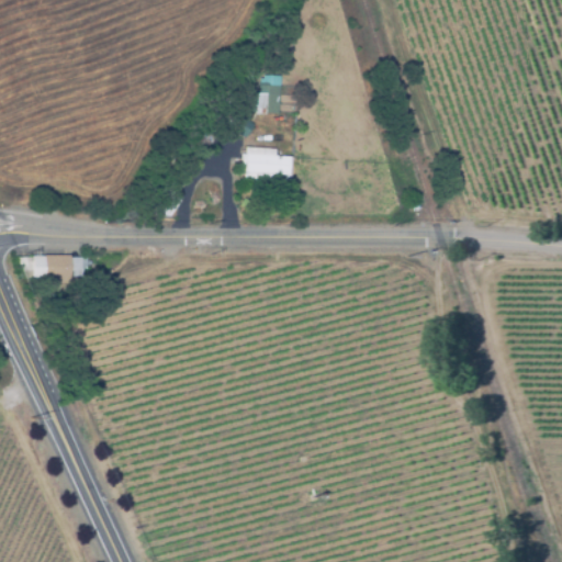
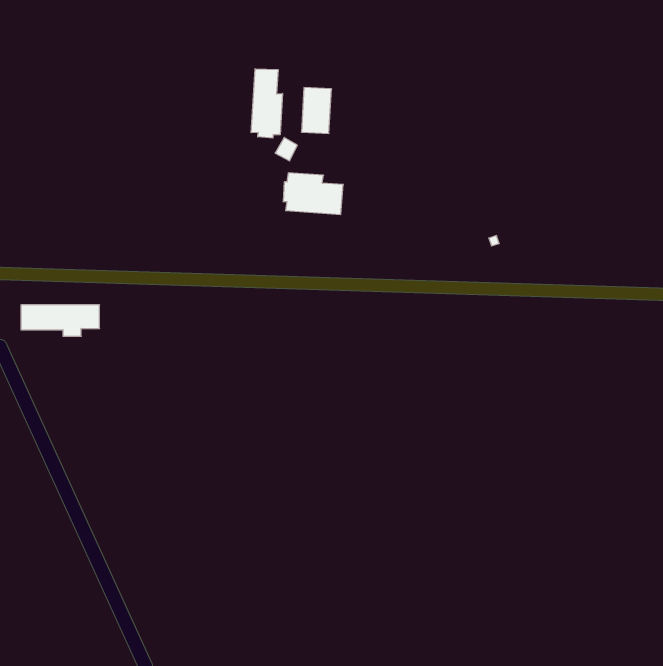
building: none -> [251,69,282,138]

